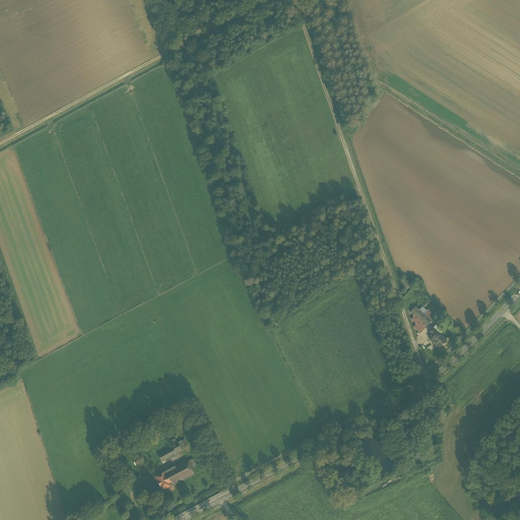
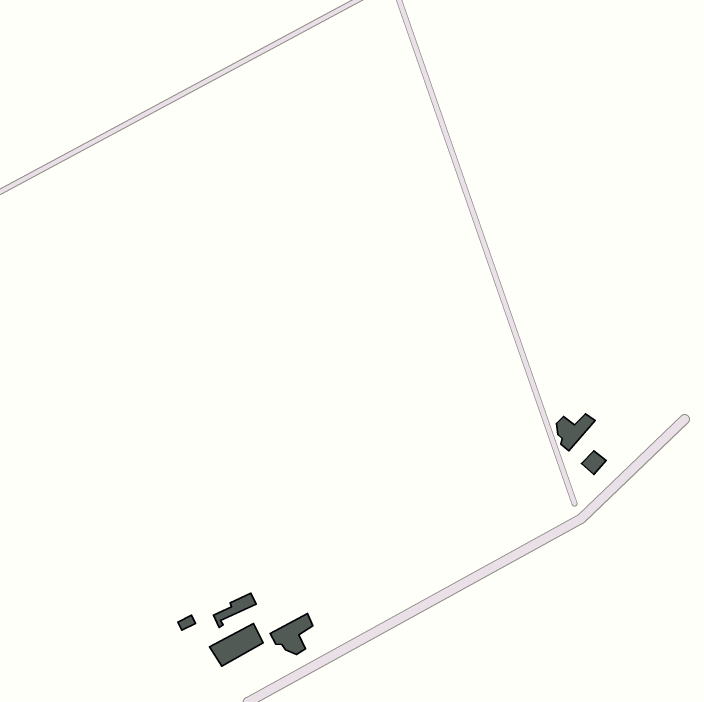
building: none -> [270,614,313,655]

